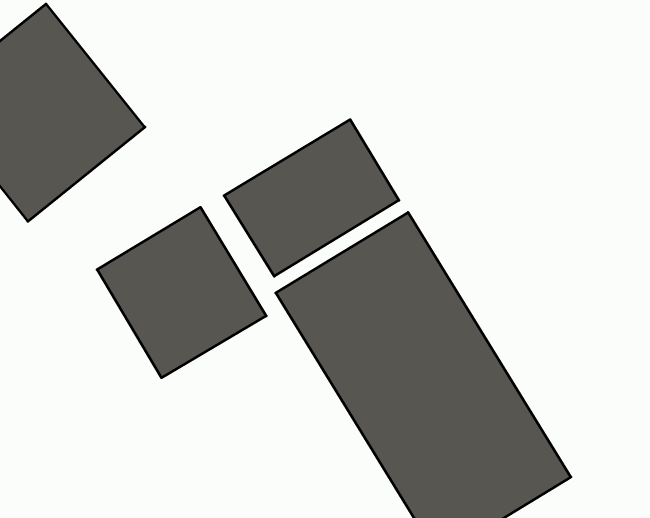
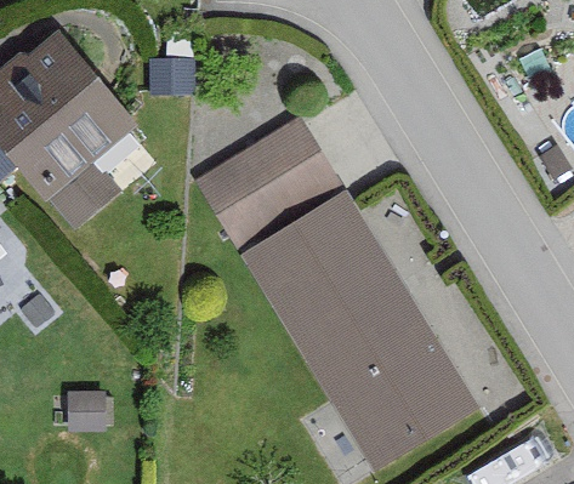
building: [97,207,266,378] -> none

